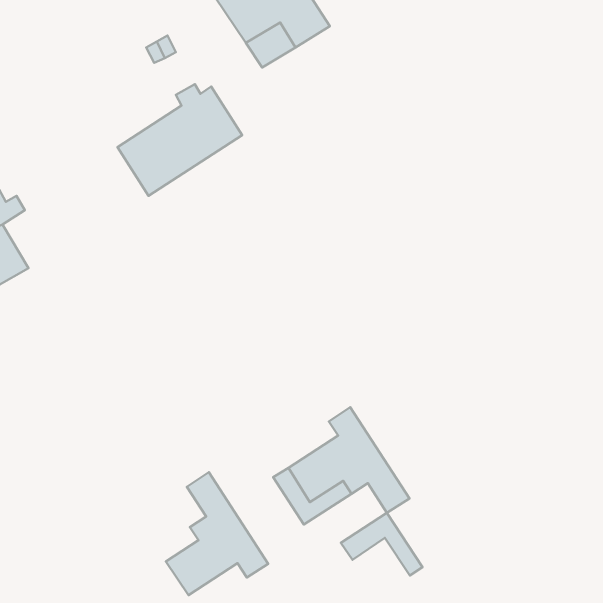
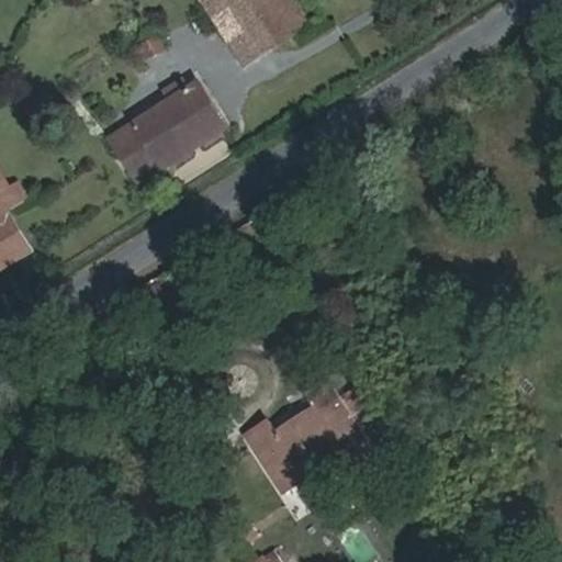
building: [166,472,268,595] -> none
building: [341,513,422,576] -> none

